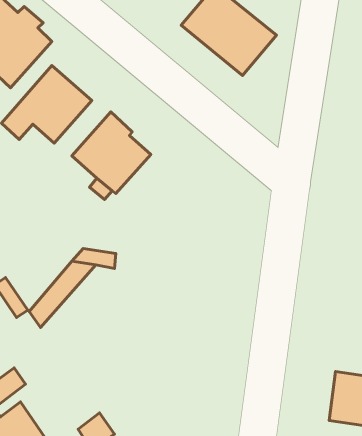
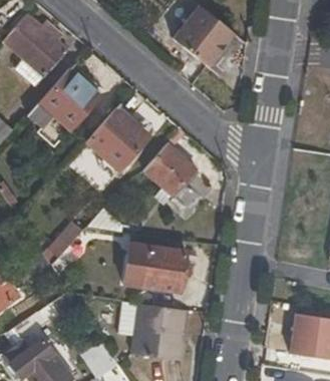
building: none -> [143,143,197,205]
building: none -> [123,243,186,292]
building: none -> [130,303,189,360]

